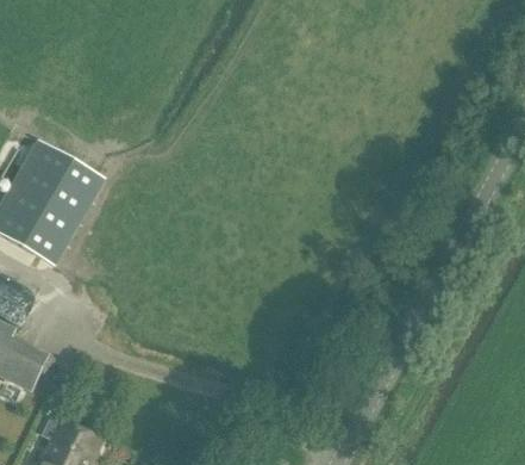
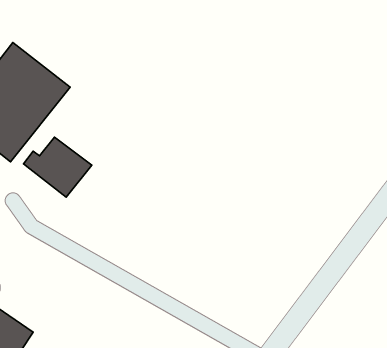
building: none -> [24,137,92,197]

